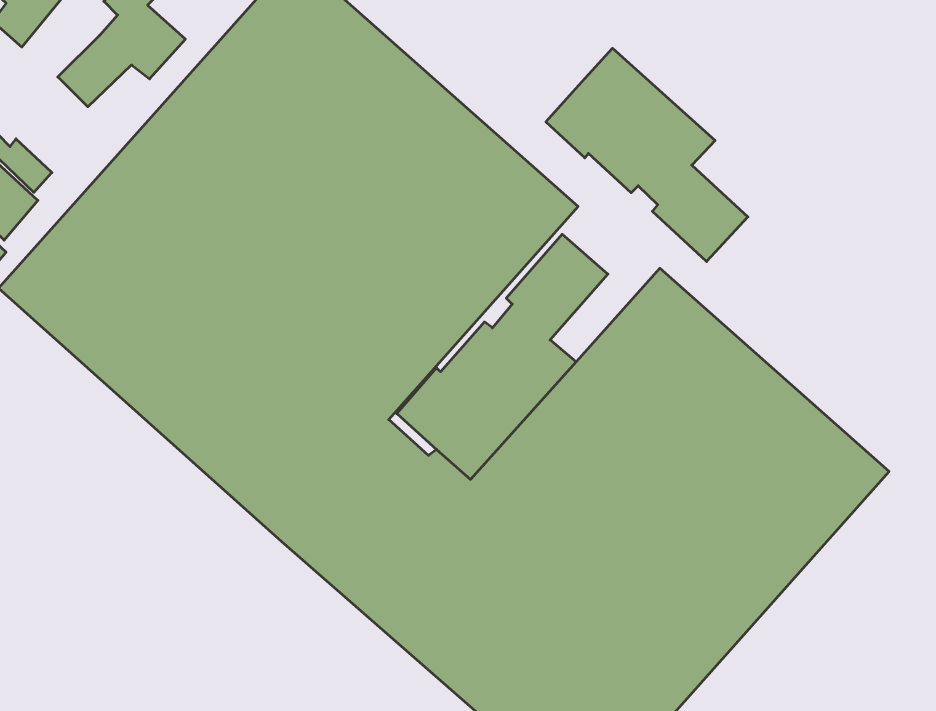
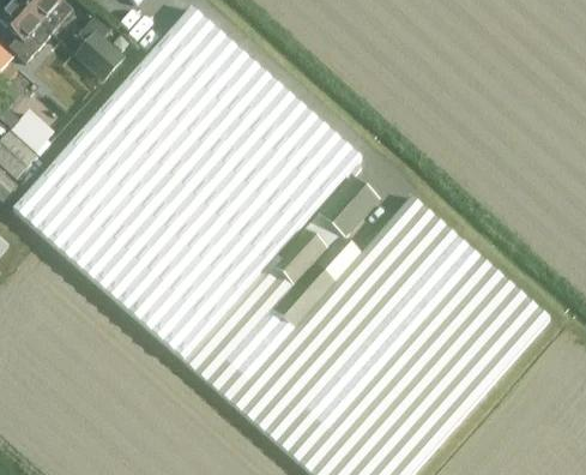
building: [546,48,748,262] -> none

